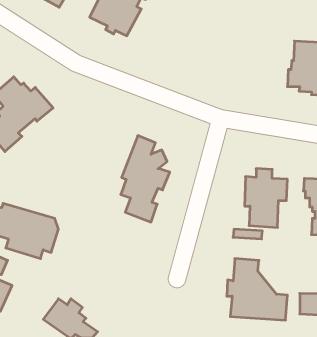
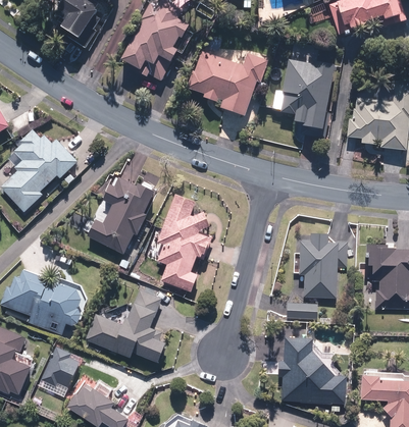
building: none -> [185,45,270,116]
building: none -> [271,54,334,130]
building: none -> [86,176,153,256]
building: none -> [85,289,165,363]
building: none -> [41,344,81,389]

